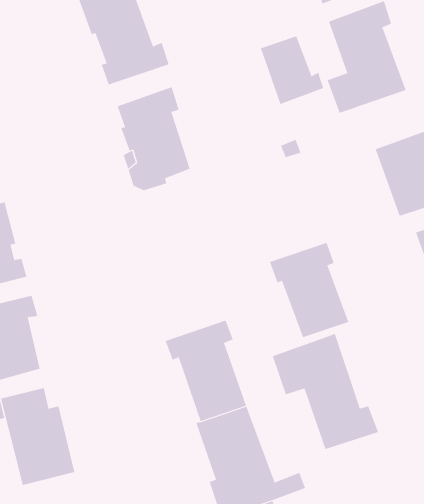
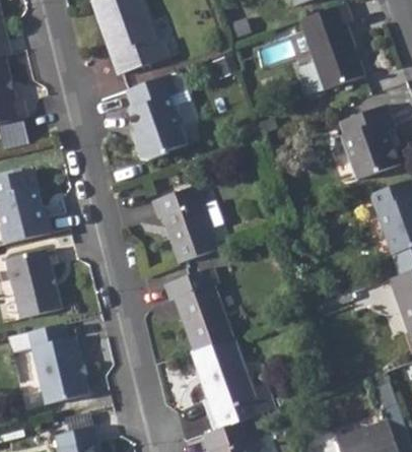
building: [260,35,324,105] -> none
building: [269,242,349,338] -> [152,184,218,263]
building: [272,333,379,450] -> none

